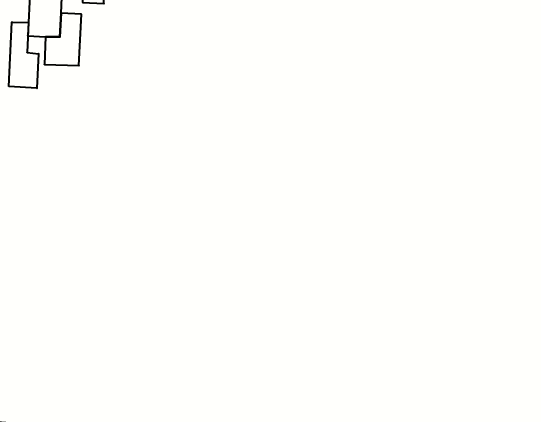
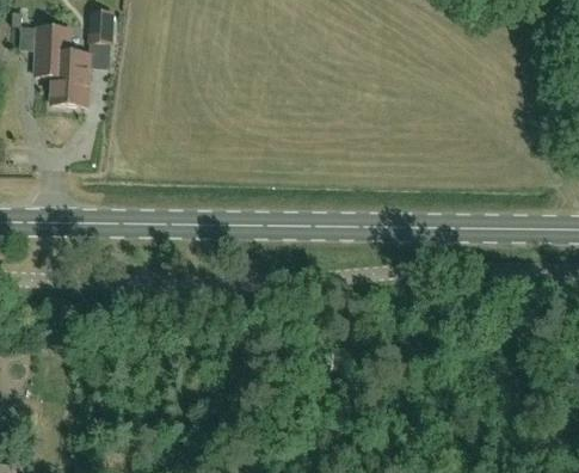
building: [9,22,39,88] -> none

